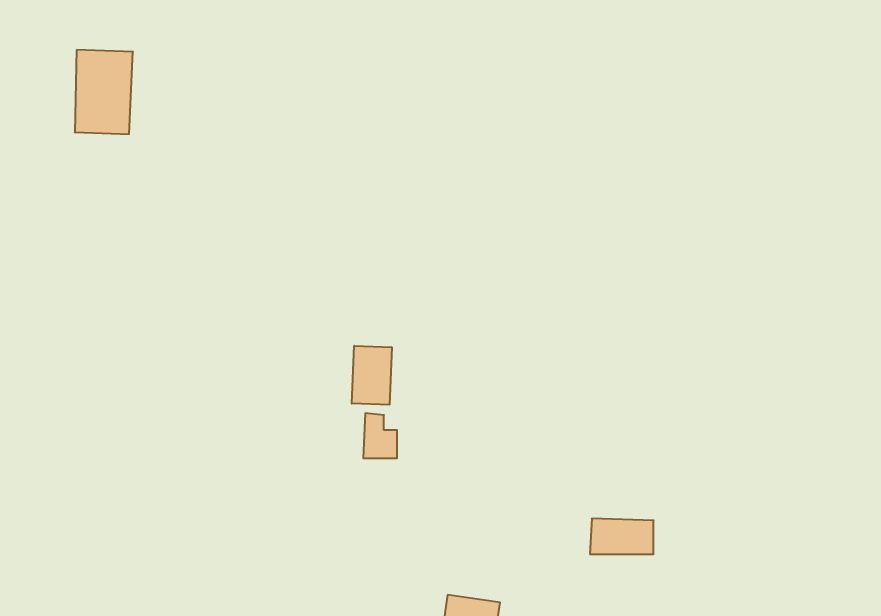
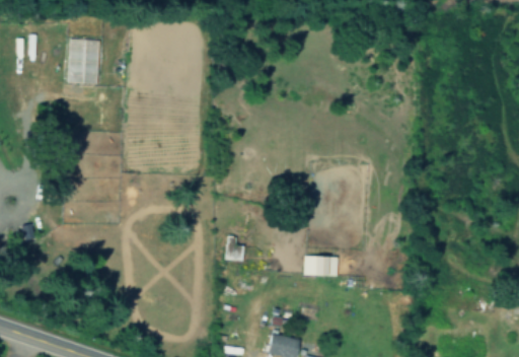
building: [352,346,392,405] -> none
building: [590,519,654,554] -> [303,256,338,275]

